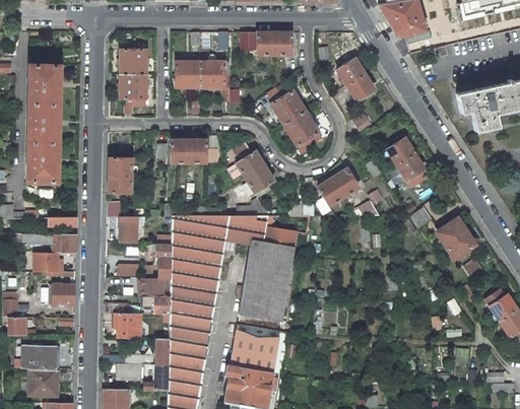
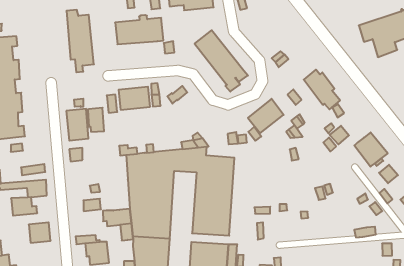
building: [337,60,373,101] -> none
building: [237,151,274,194] -> none
building: [120,215,138,243] -> [88,108,104,132]
building: [146,243,172,278] -> none

